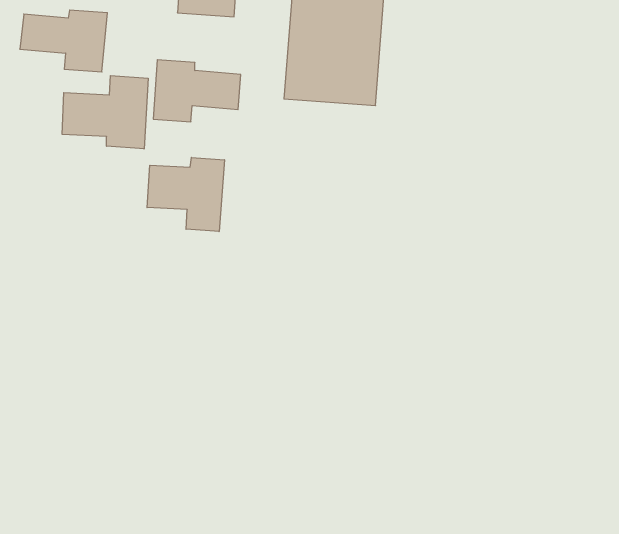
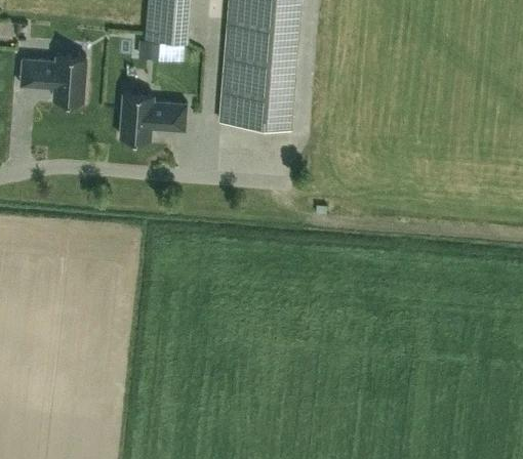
building: [62,76,148,149] -> none
building: [147,157,224,232] -> none

